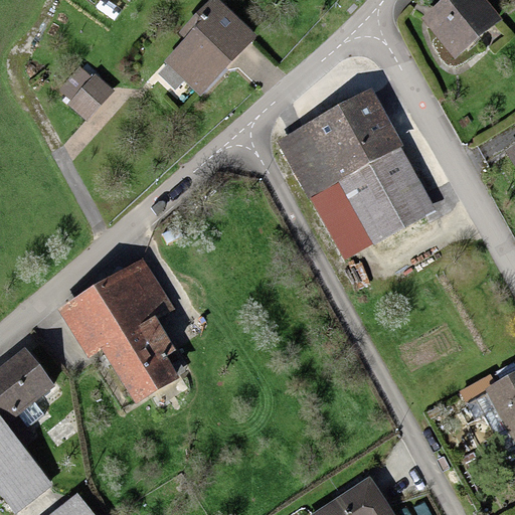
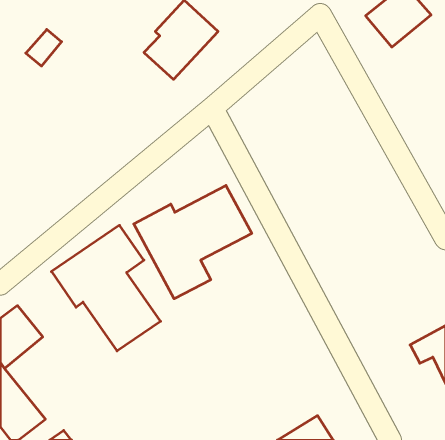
building: [69,74,111,117] -> [26,29,62,66]
building: [279,91,432,256] -> none
building: none -> [134,185,252,299]

